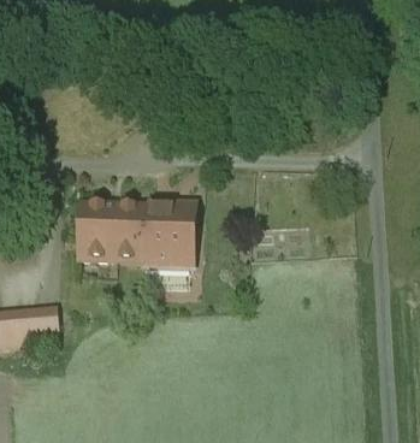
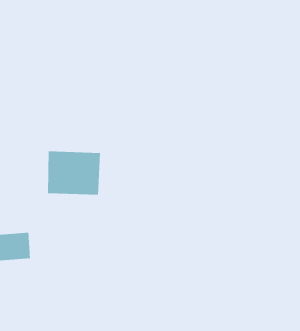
building: [146,199,194,267] -> none

